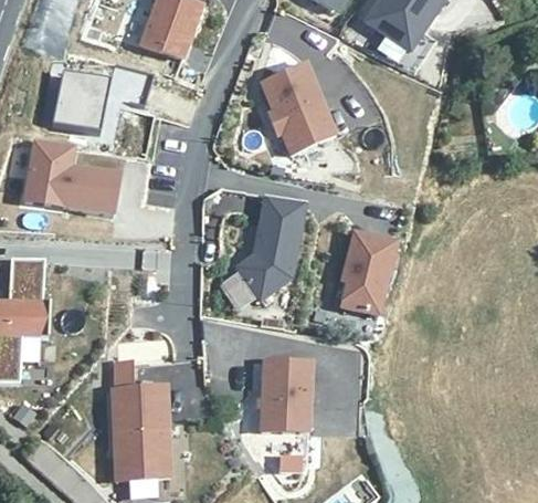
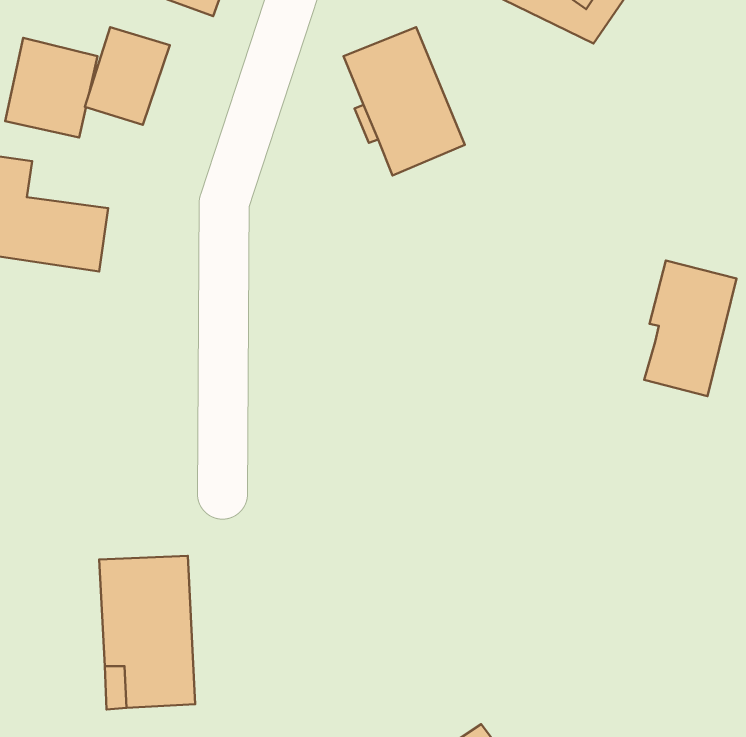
building: [236,196,304,298] -> none
building: [340,231,397,314] -> [644,261,737,396]
building: [261,359,312,432] -> none

